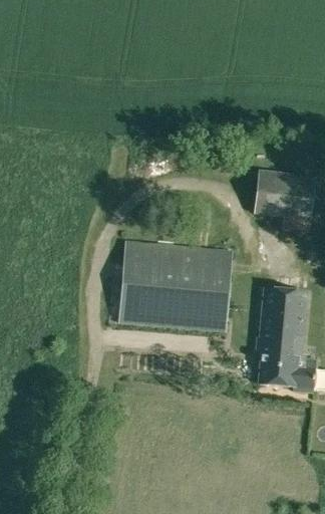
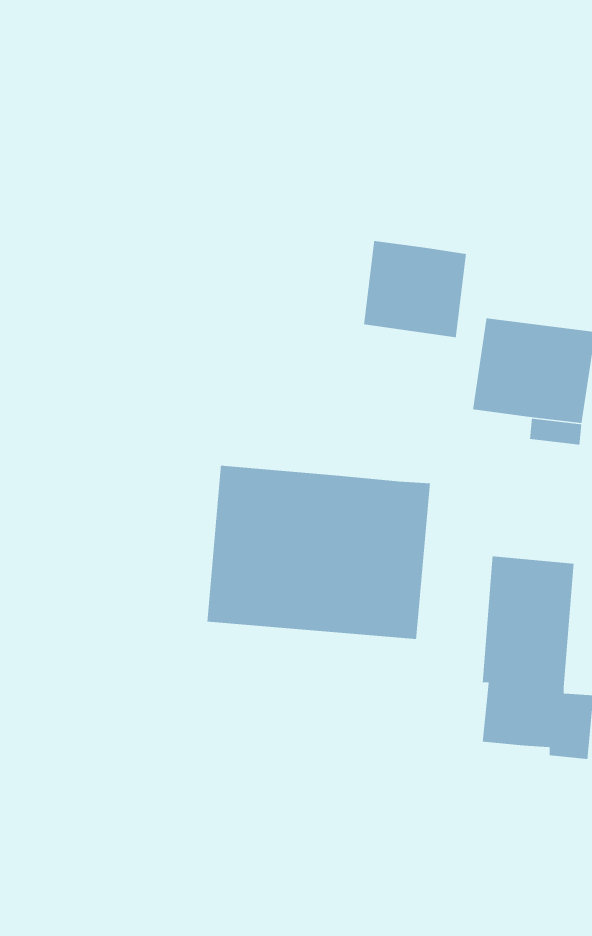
building: none -> [363,240,467,338]

